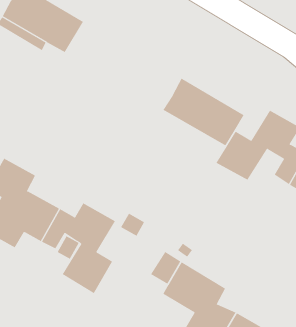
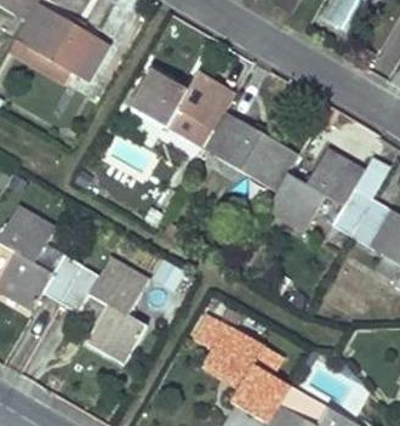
building: none -> [131,69,236,132]

